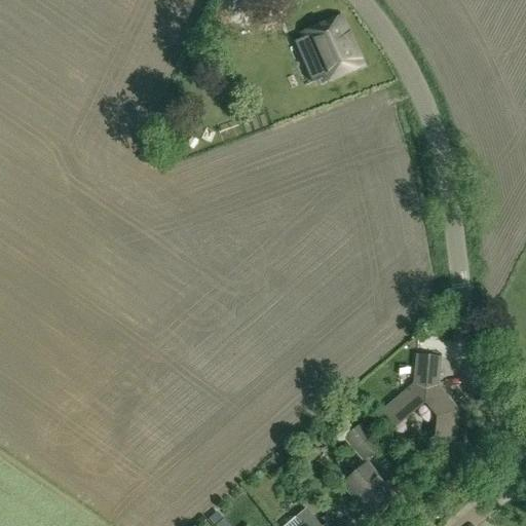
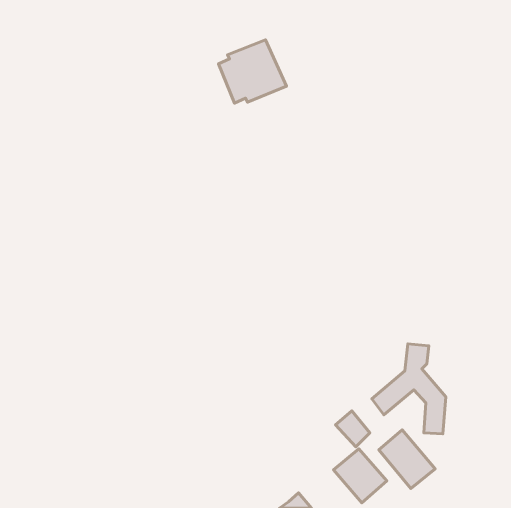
building: [293,14,363,79] -> [218,40,287,103]
building: none -> [379,430,435,489]

